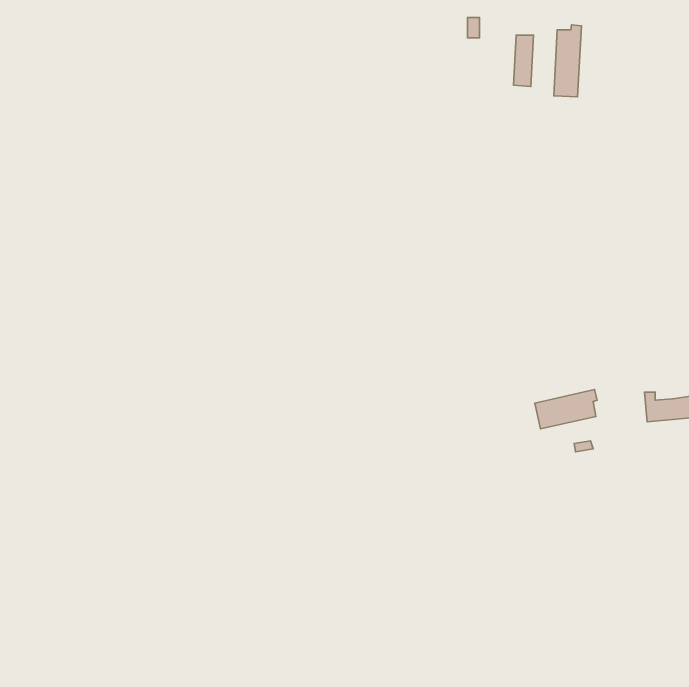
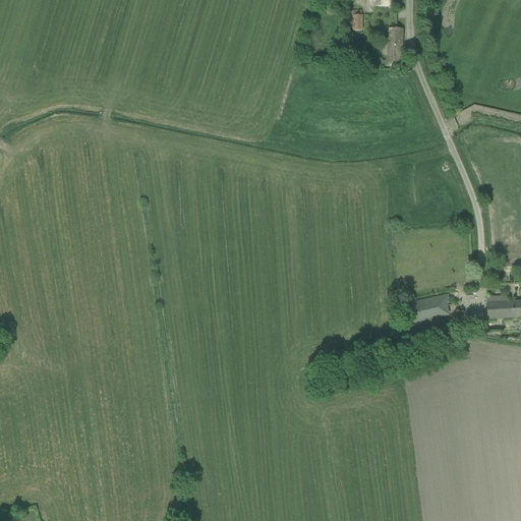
building: [554,25,581,97] -> none

